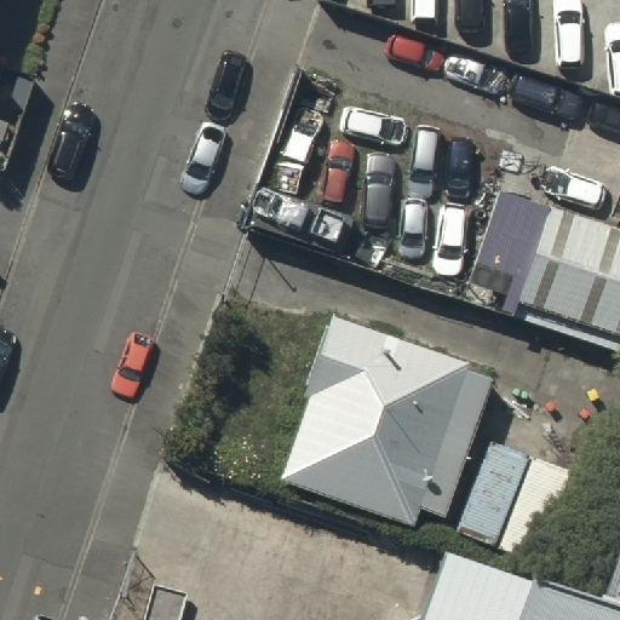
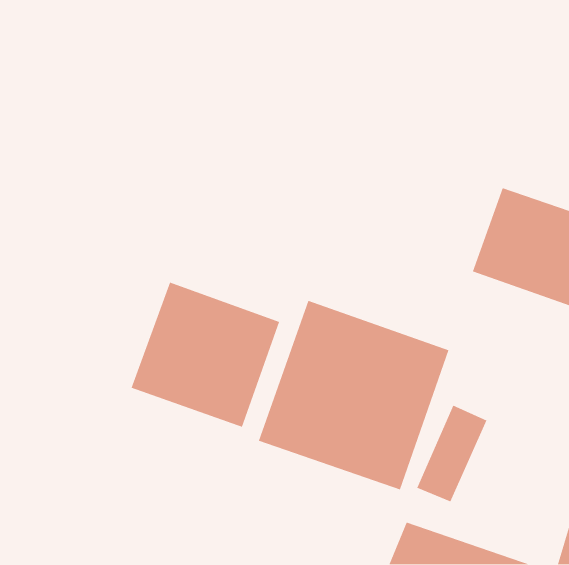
building: none -> [130,282,280,428]

